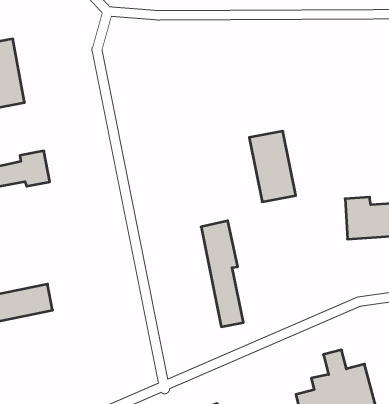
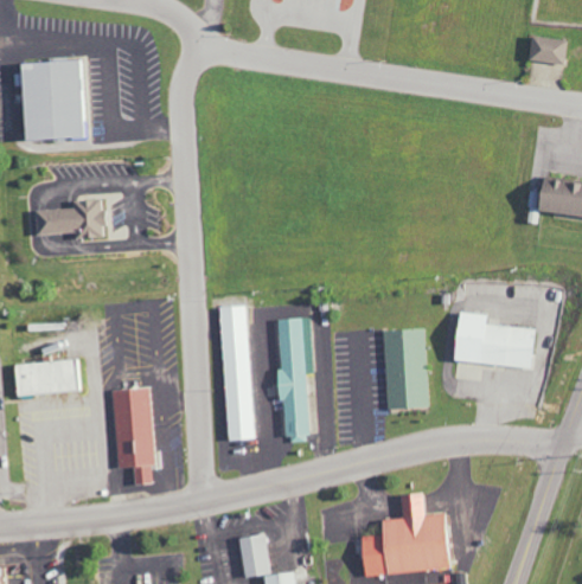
building: [249,131,296,202] -> [383,329,428,410]
building: none -> [219,306,255,442]
building: none -> [114,389,154,486]

